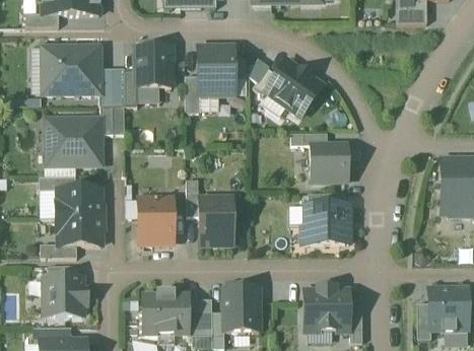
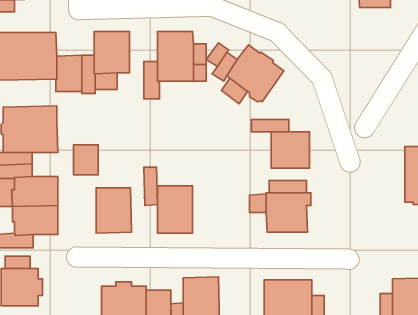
building: [100,103,125,133] -> [73,145,98,175]

